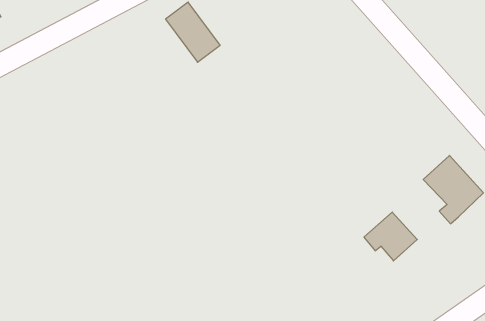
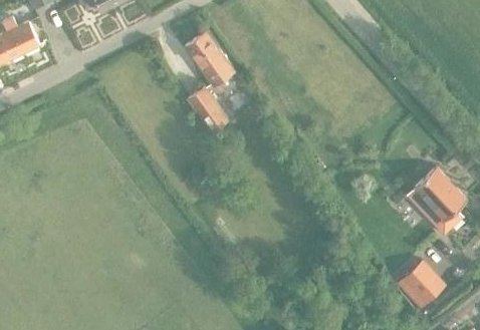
building: none -> [188,87,227,131]
building: [364,212,417,261] -> [398,259,445,302]

